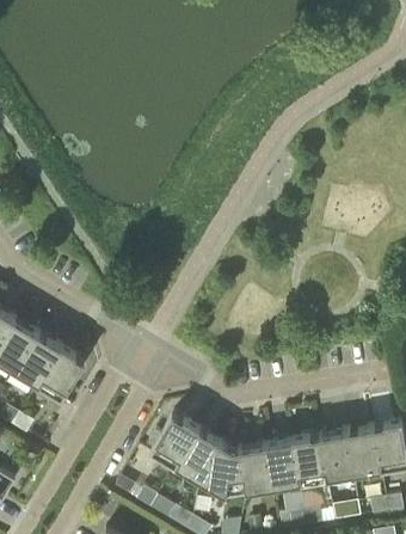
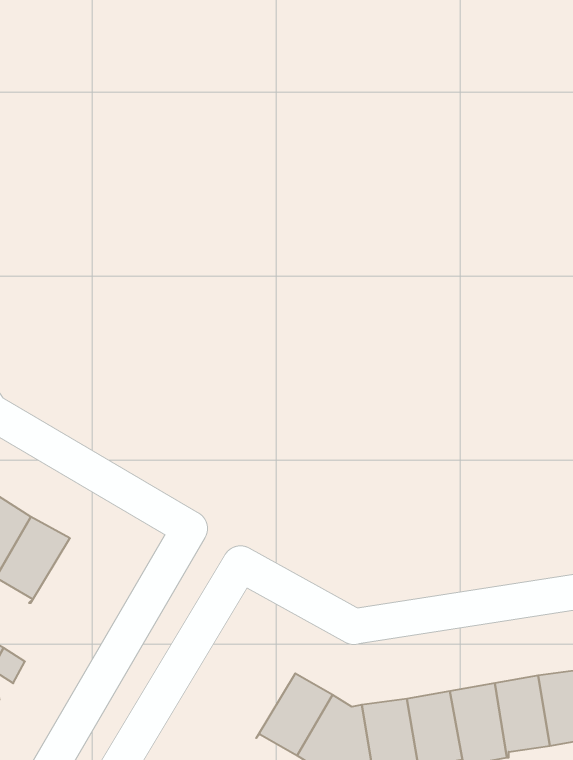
building: [37,345,85,400] -> none
building: [150,413,198,467] -> none

